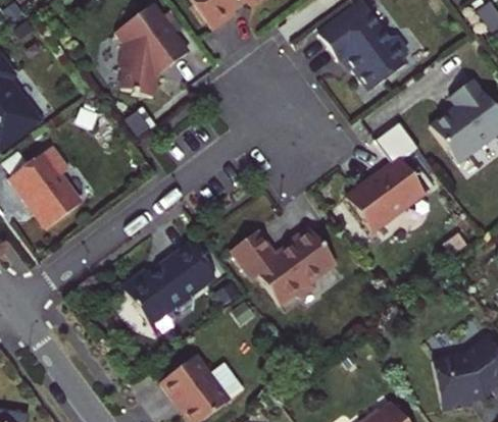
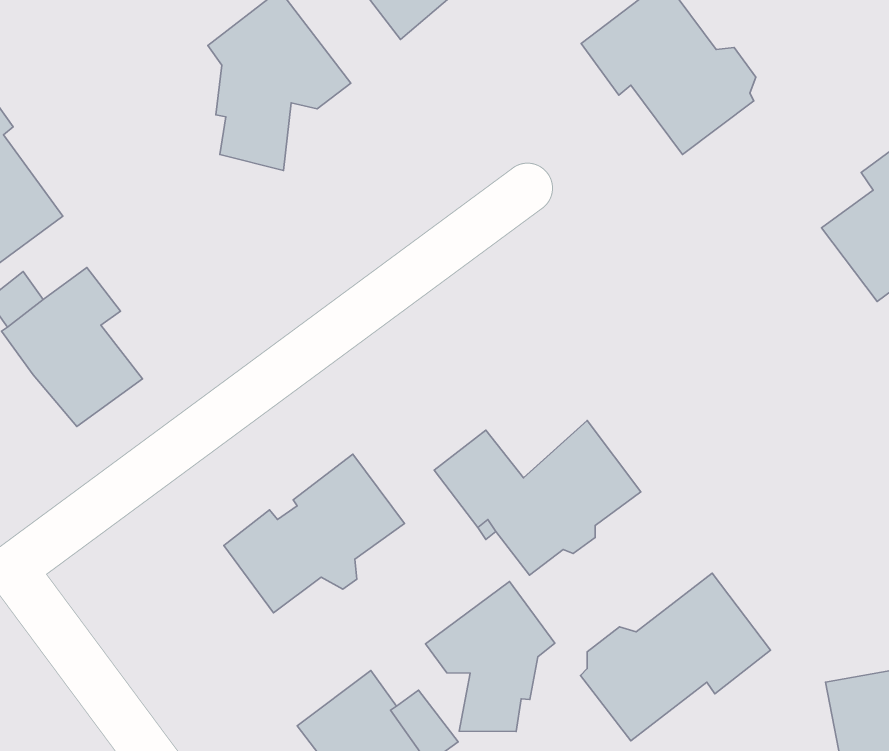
building: [347,119,427,230] -> none
building: none -> [580,573,771,741]
building: none -> [425,581,555,732]

